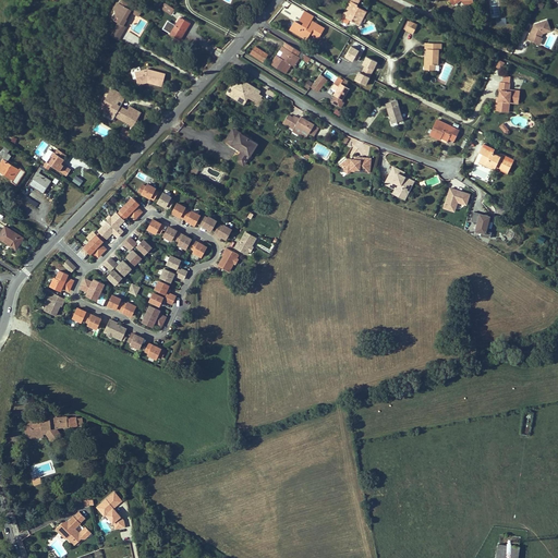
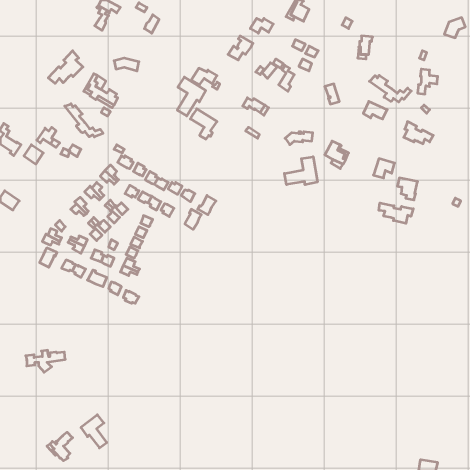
building: none -> [48,51,83,83]
building: none -> [369,75,411,102]
building: none -> [177,77,206,116]
building: none -> [65,104,103,137]
building: none -> [284,157,317,185]
building: none -> [379,203,413,223]

